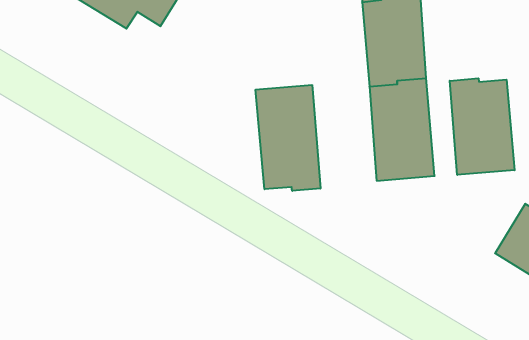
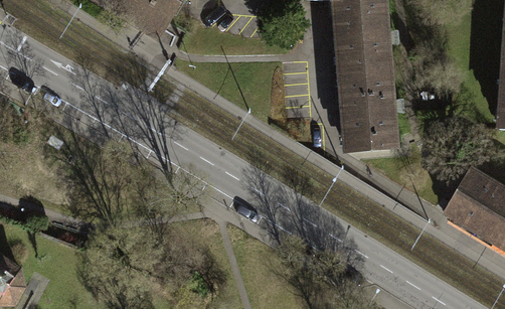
building: [450,78,515,175] -> none
building: [256,85,320,191] -> none

